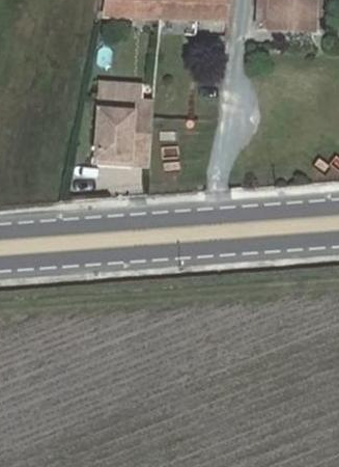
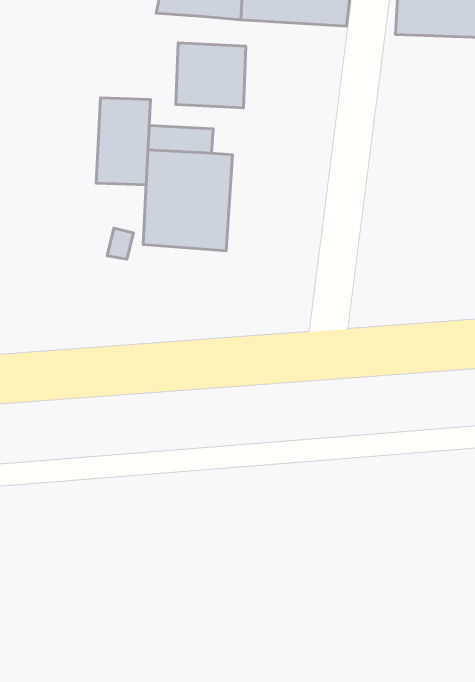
building: none -> [176,43,246,108]
building: none -> [96,98,151,185]

